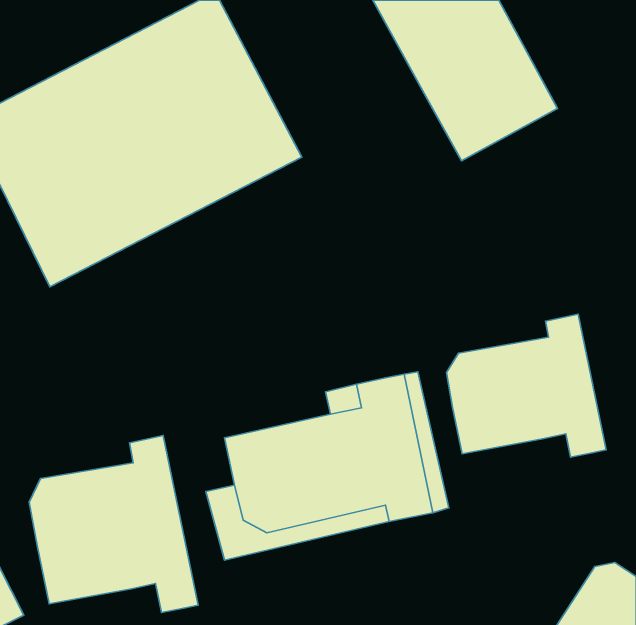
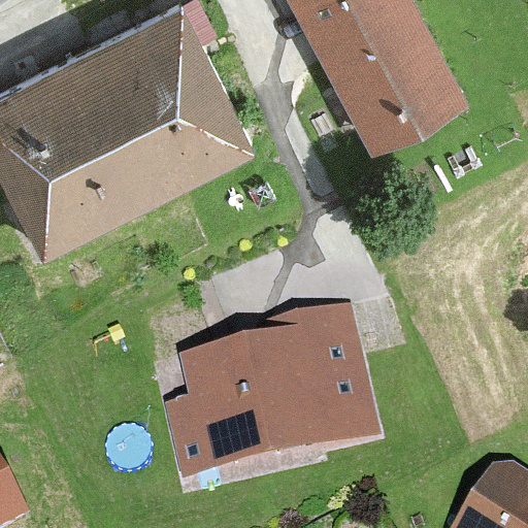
building: [447,314,606,457] -> none
building: [29,435,198,613] -> none

